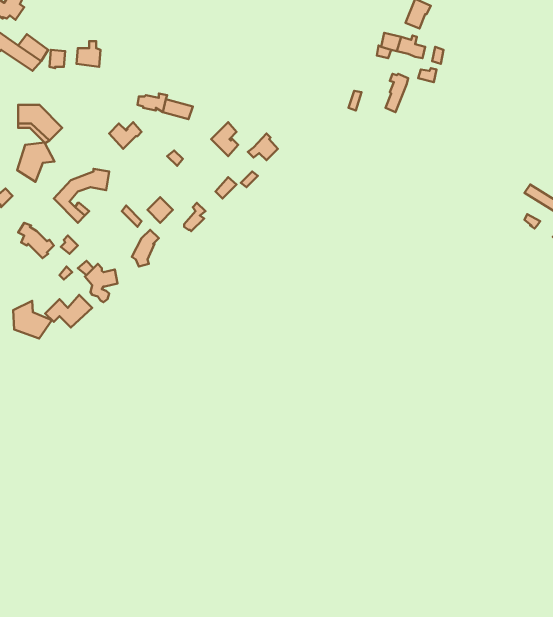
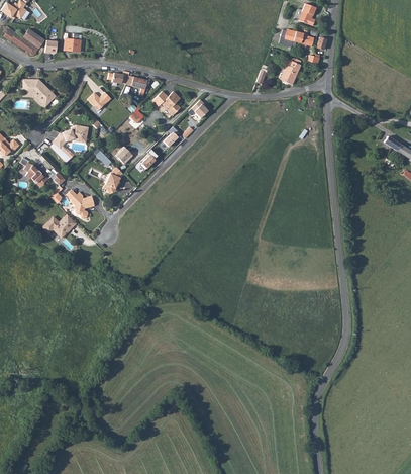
building: [17,143,55,182] -> none
building: [13,301,52,338] -> none

